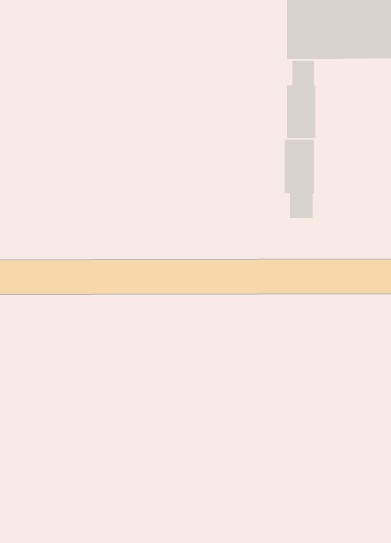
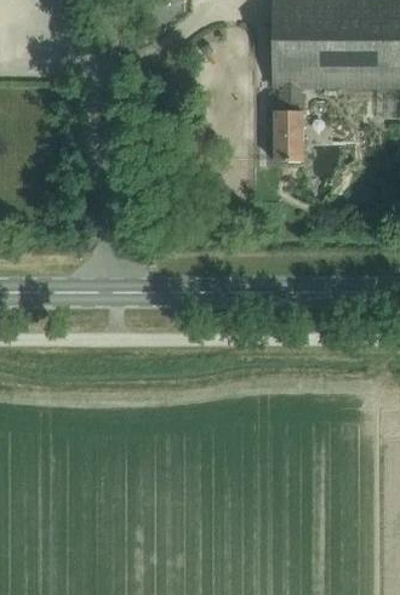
building: [284,139,315,219] -> none

